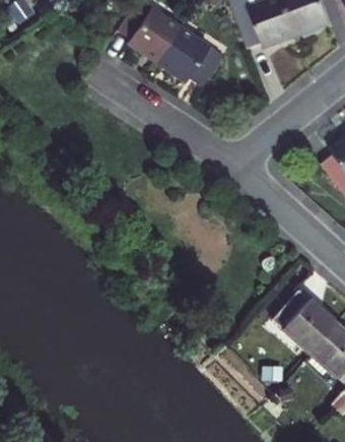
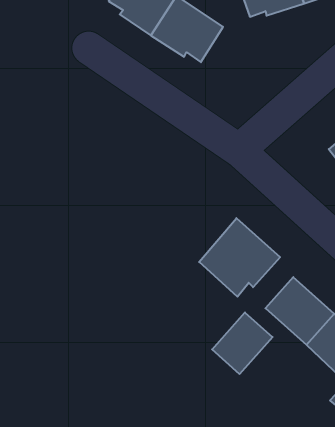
building: none -> [199,218,280,297]
building: none -> [212,312,273,374]

